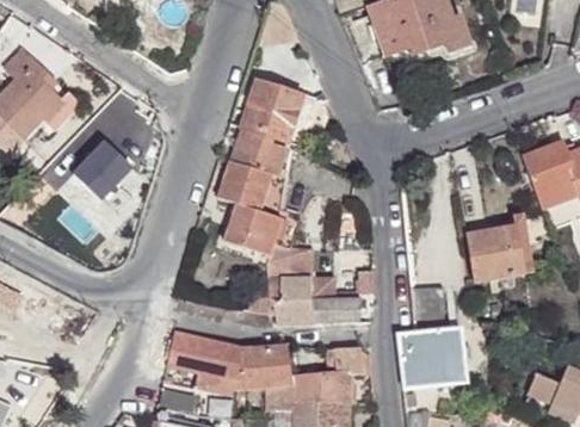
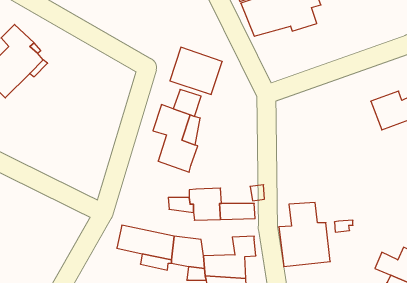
building: [64,144,123,203] -> none
building: [463,223,524,281] -> none
building: [267,247,313,281] -> none

